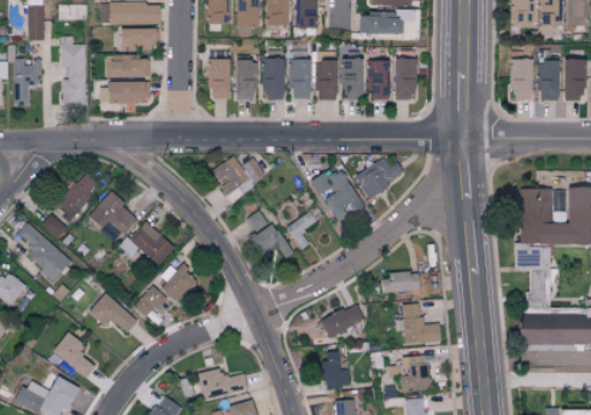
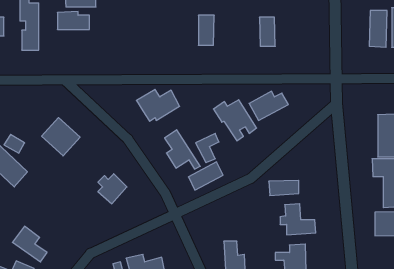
building: [209,59,230,99] -> none
building: [263,59,285,100] -> none
building: [394,59,416,100] -> none
building: [341,60,363,99] -> none
building: [235,62,258,100] -> none
building: [317,62,337,100] -> none
building: [100,83,151,104] -> none
building: [55,171,100,220] -> none
building: [131,222,175,265] -> none
building: [136,285,168,326] -> none
building: [89,292,139,333] -> none
building: [321,302,365,338] -> [188,162,223,190]

